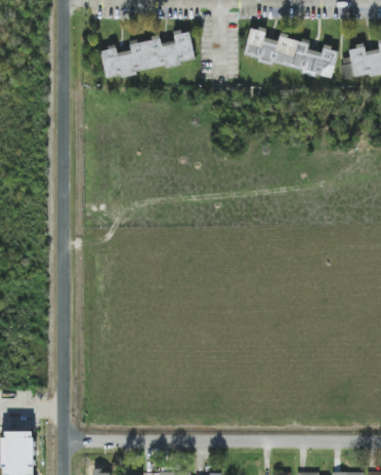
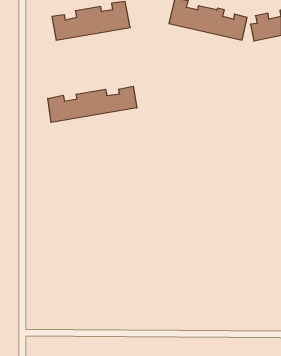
building: none -> [48,86,137,122]

